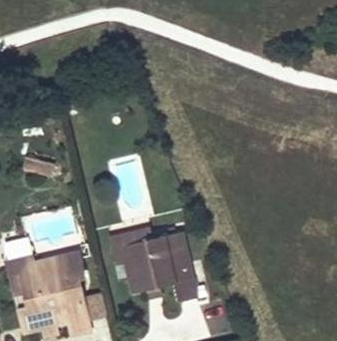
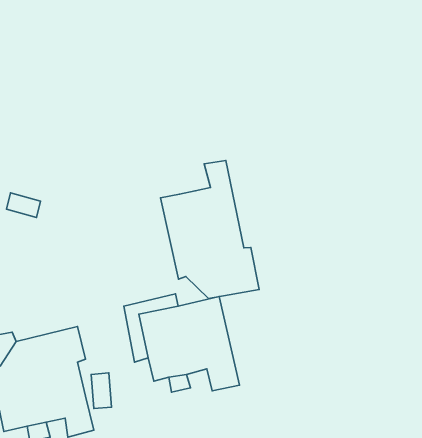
building: none -> [160,161,259,298]

